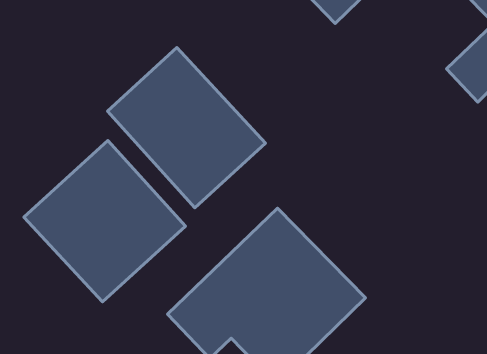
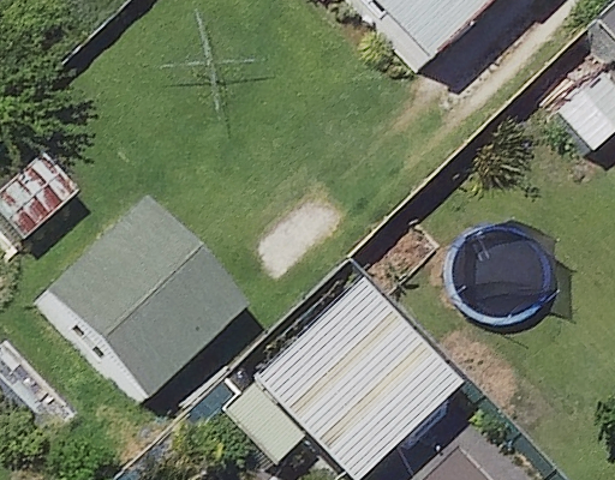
building: [107,48,265,208] -> none

